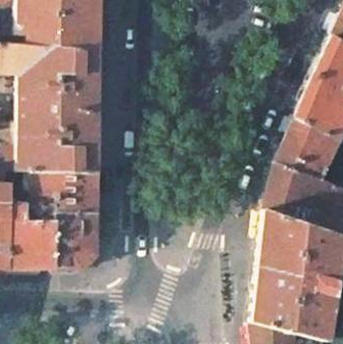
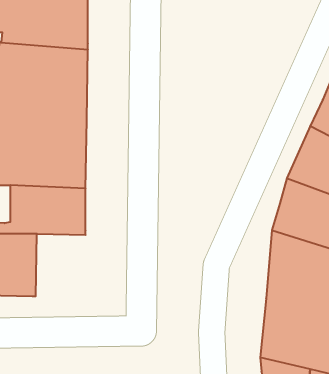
building: [50,213,94,269] -> none

